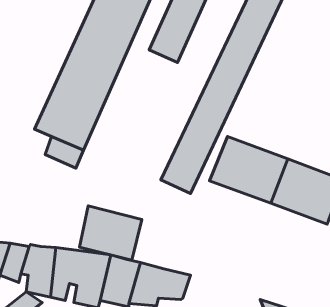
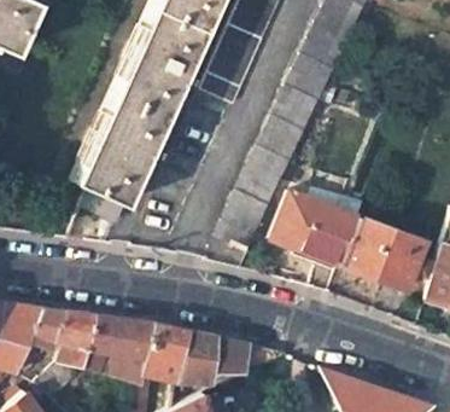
building: [79,206,142,260] -> none

